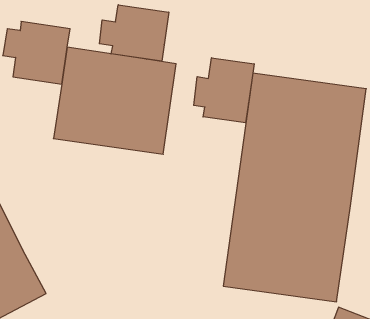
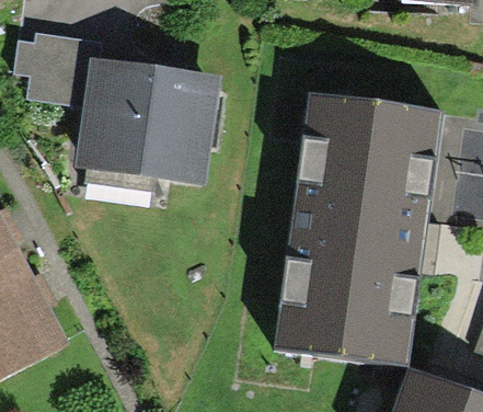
building: [99,5,169,61] -> none
building: [194,58,254,123] -> none

